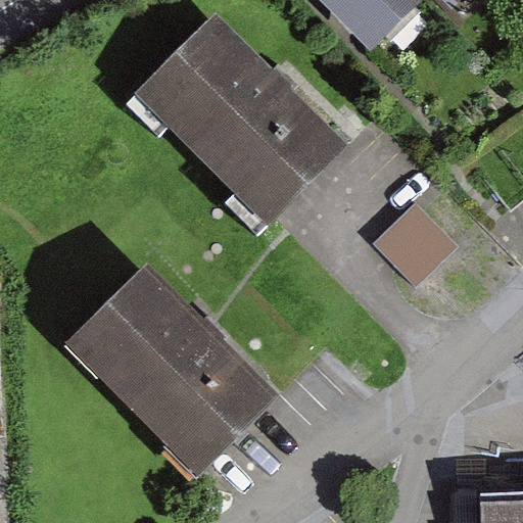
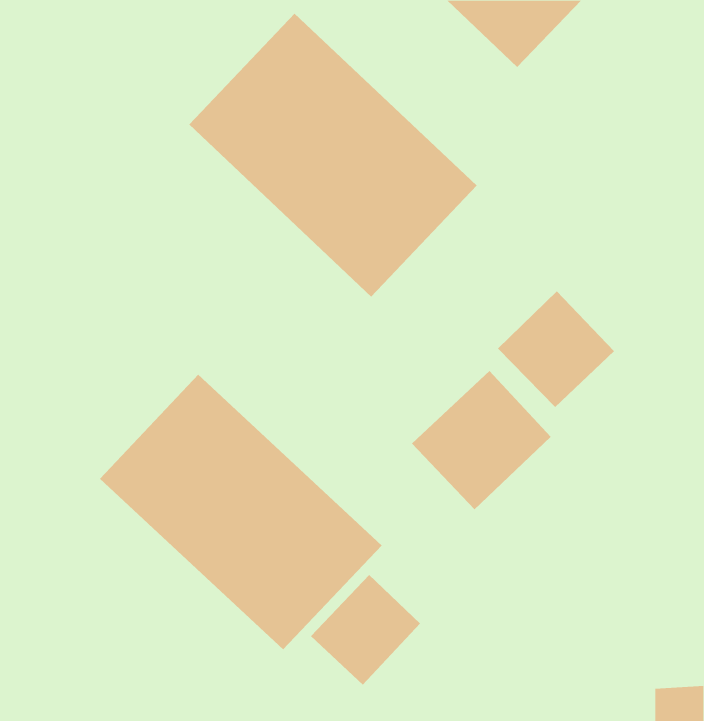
building: none -> [411,370,552,510]
building: none -> [310,574,421,686]

